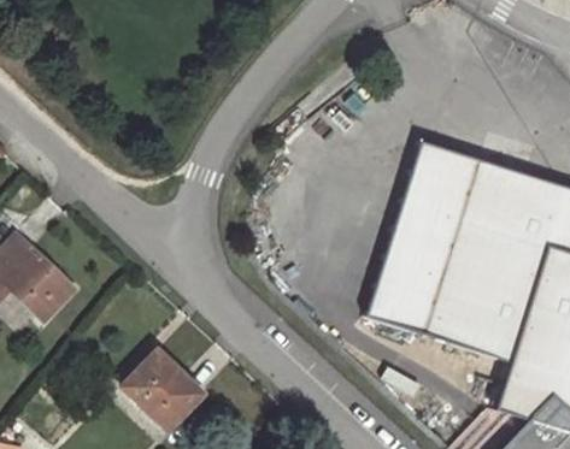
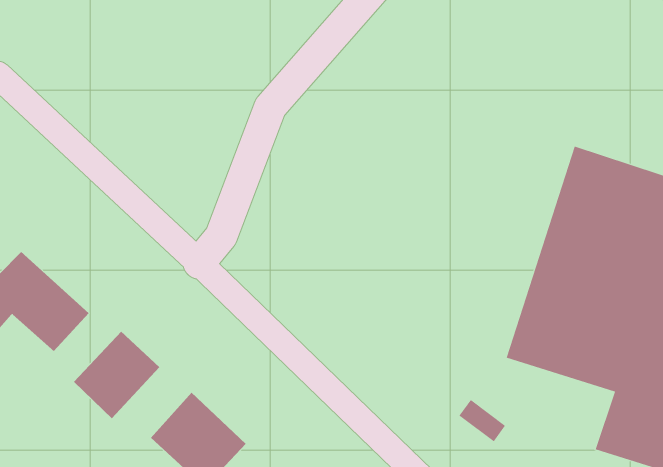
building: [360,137,474,329] -> none
building: none -> [73,331,160,419]

